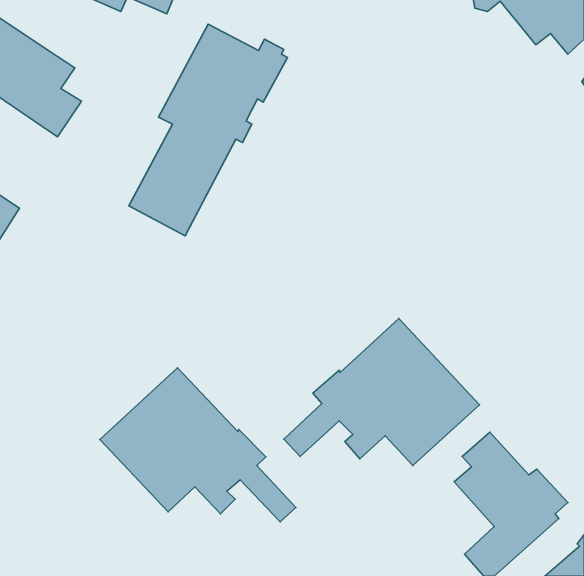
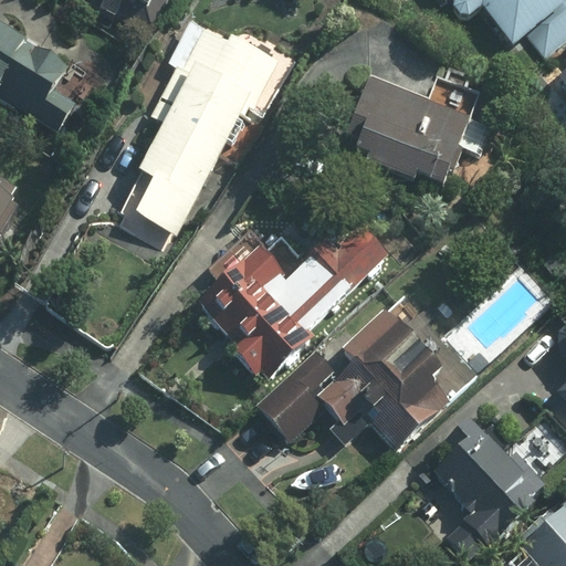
building: none -> [340,75,488,188]
building: none -> [201,224,387,376]
building: [100,368,296,522] -> none

